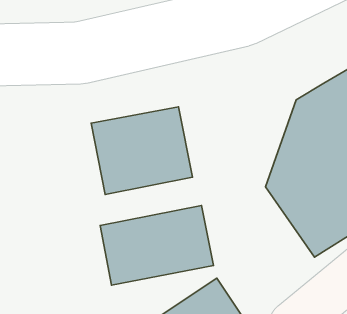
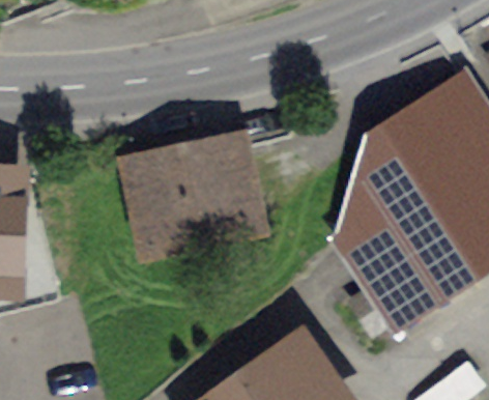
building: [100,205,213,285] -> none

